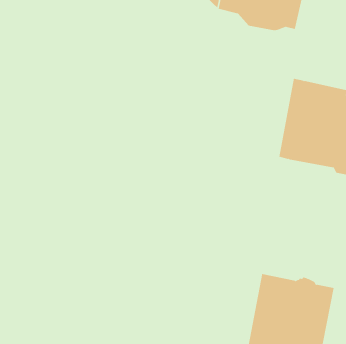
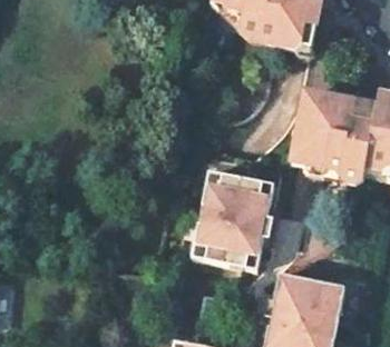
building: none -> [192,170,274,268]

